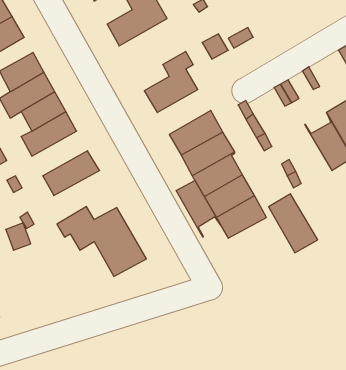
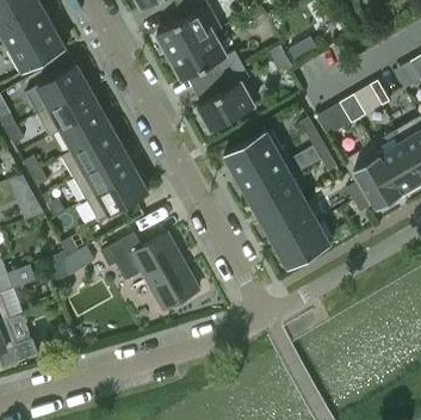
building: none -> [169,29,242,81]
building: none -> [74,152,135,200]
building: [176,180,221,237] -> none
building: [269,194,318,253] -> [348,144,402,209]

